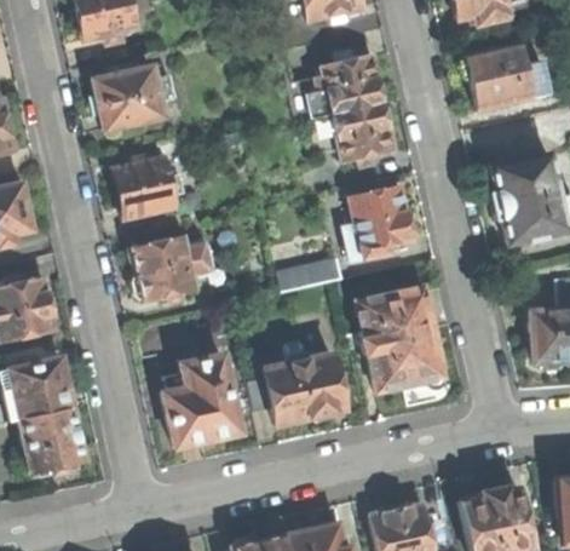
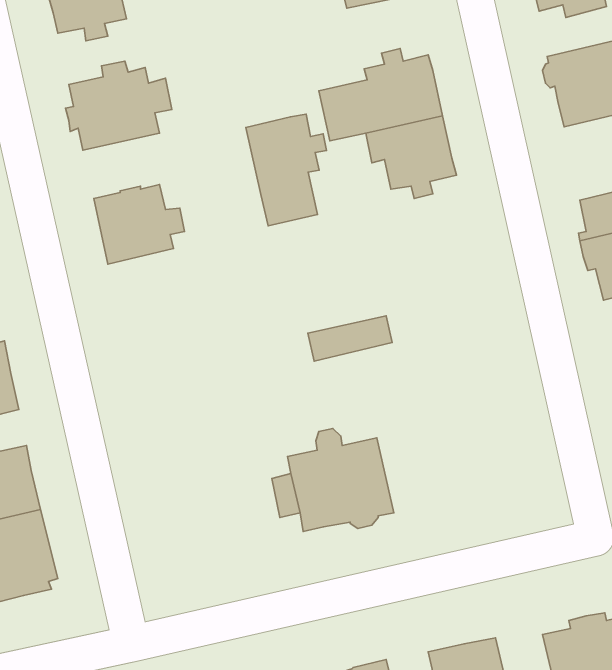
building: none -> [246,114,326,226]
building: [344,184,414,259] -> none
building: [131,235,209,299] -> none
building: [357,285,448,403] -> none
building: [161,352,238,446] -> none

